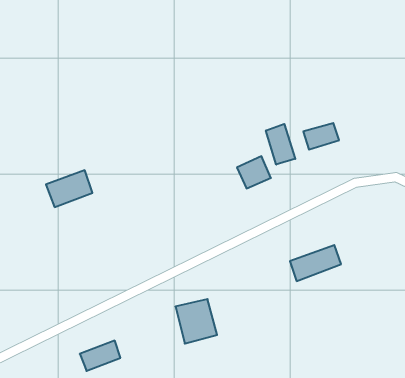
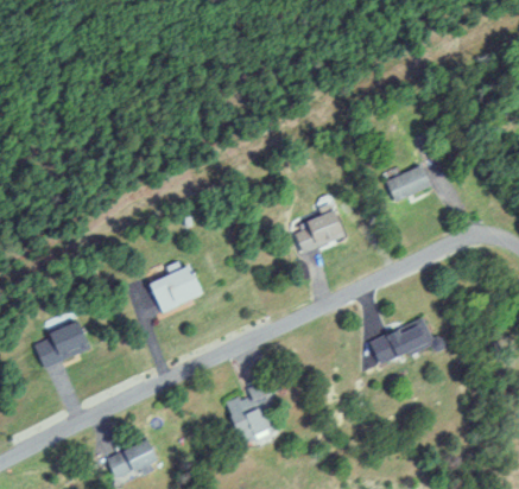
building: [266,124,295,165] -> none
building: [46,170,92,207] -> [33,322,91,368]
building: none -> [148,267,201,312]

